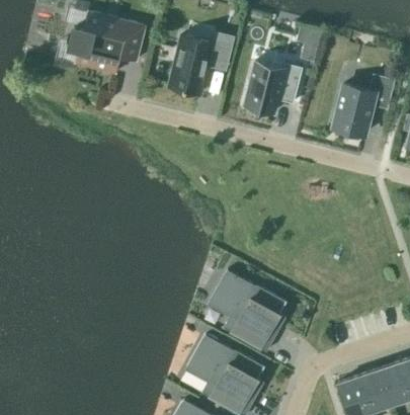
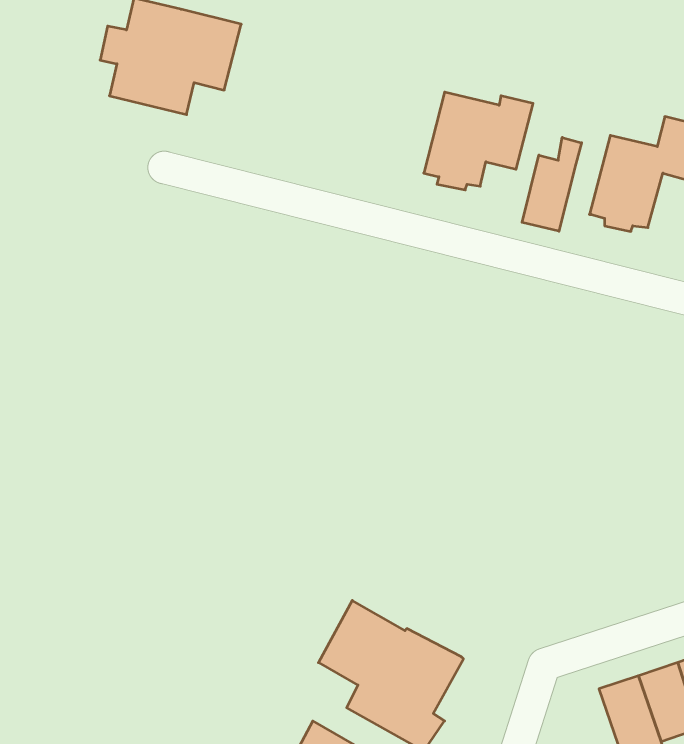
building: [167,35,231,95] -> none
building: none -> [522,137,582,231]
building: [208,271,285,352] -> none

